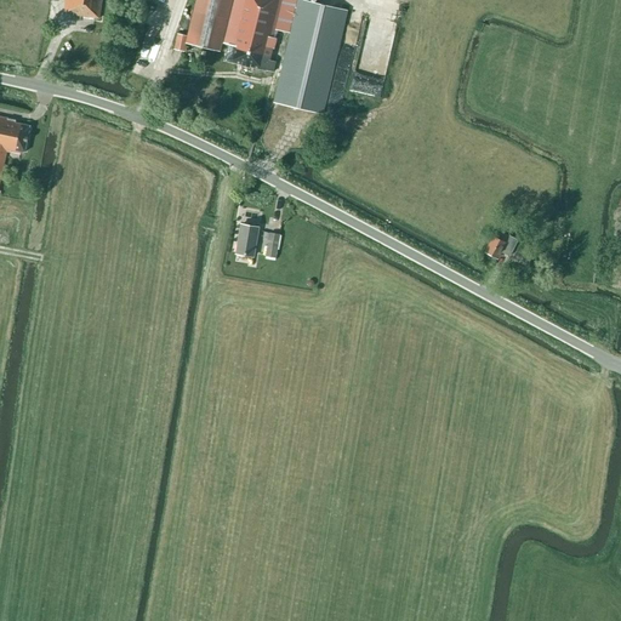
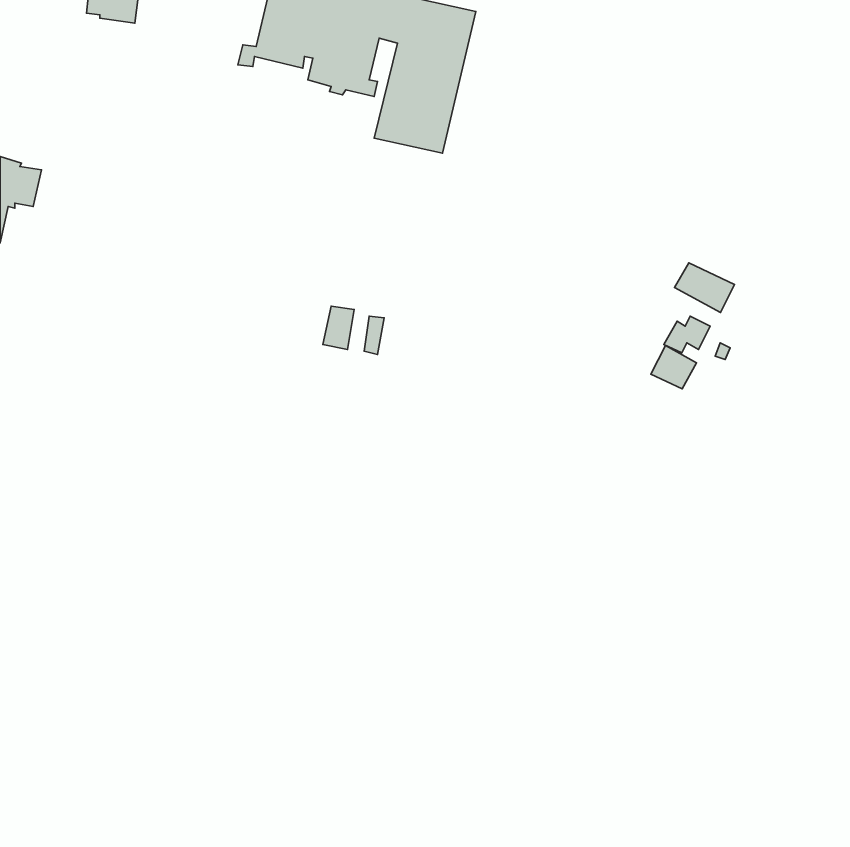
building: none -> [674,263,734,312]
building: none -> [651,345,696,389]

